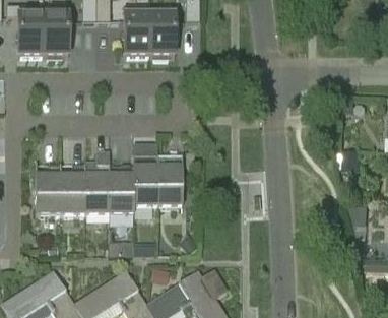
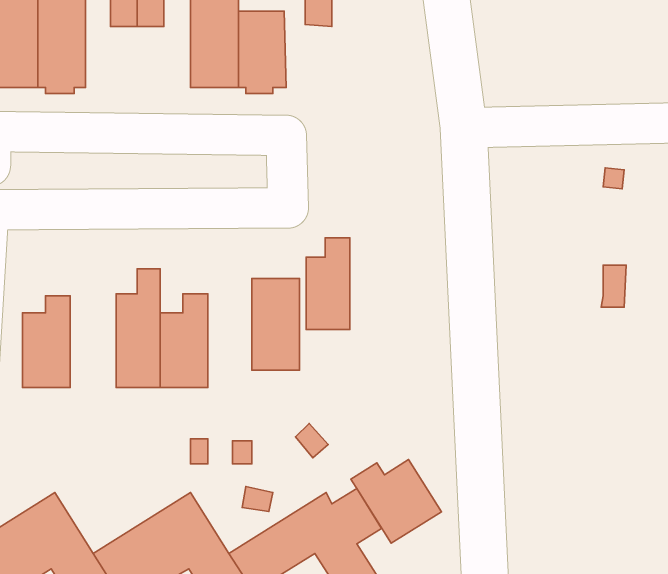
building: [134,156,157,205] -> [306,238,350,330]
building: [61,165,85,214] -> none
building: none -> [351,460,441,543]

